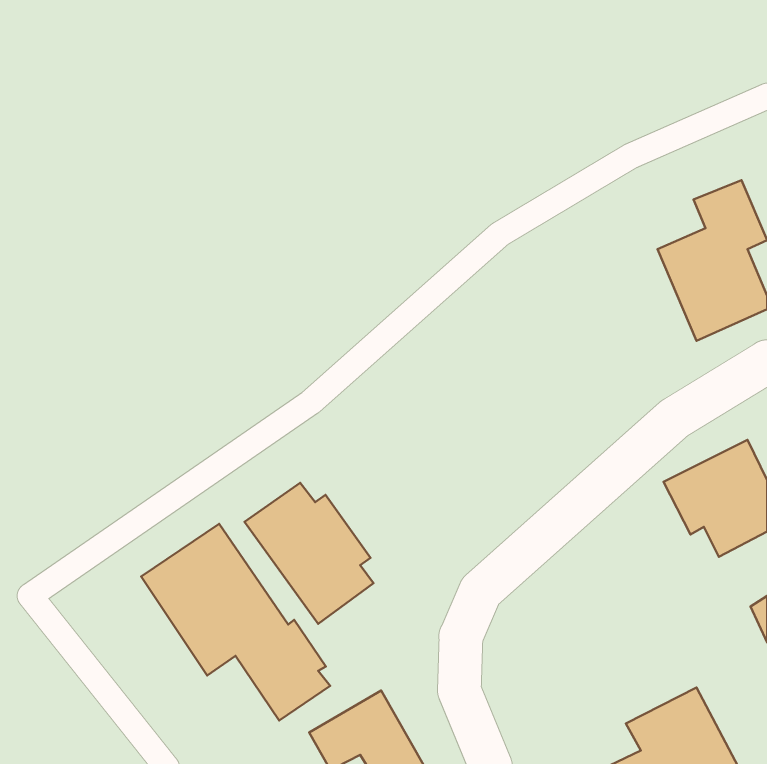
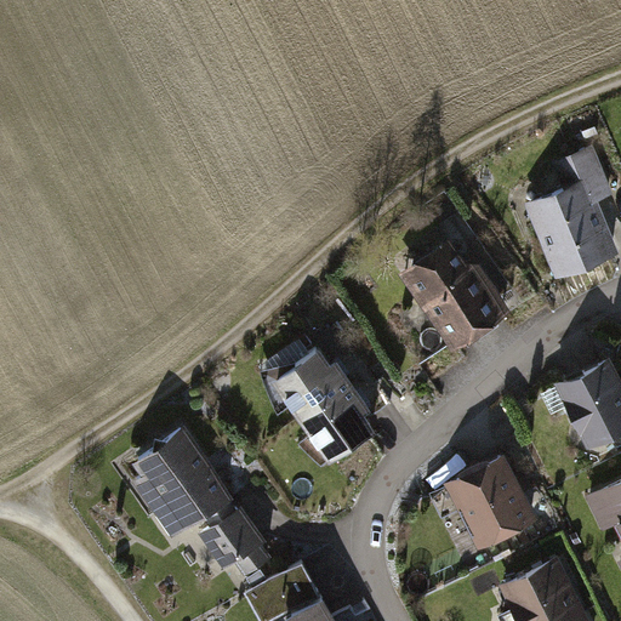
building: none -> [405,237,519,349]
building: [245,483,374,624] -> [266,348,370,462]
building: none -> [438,455,534,553]

